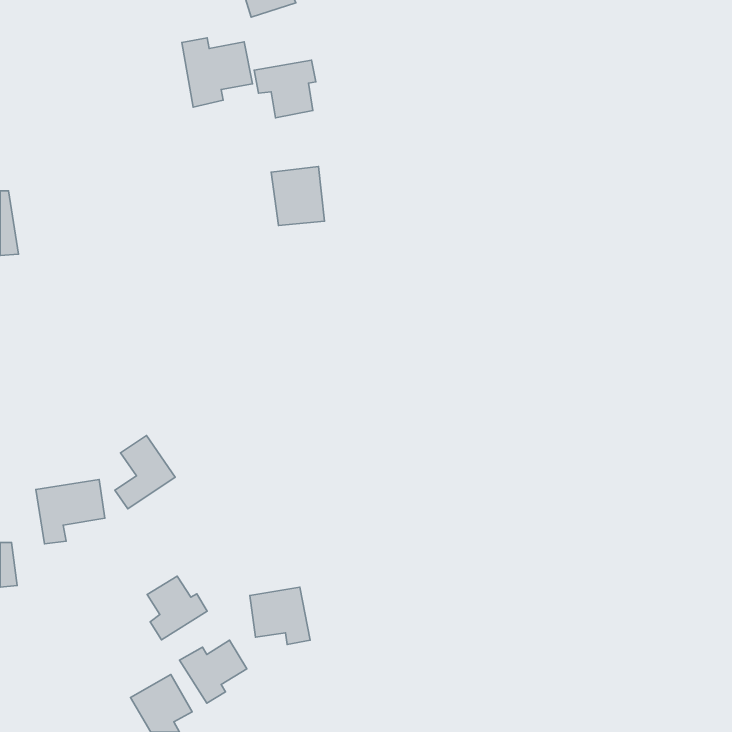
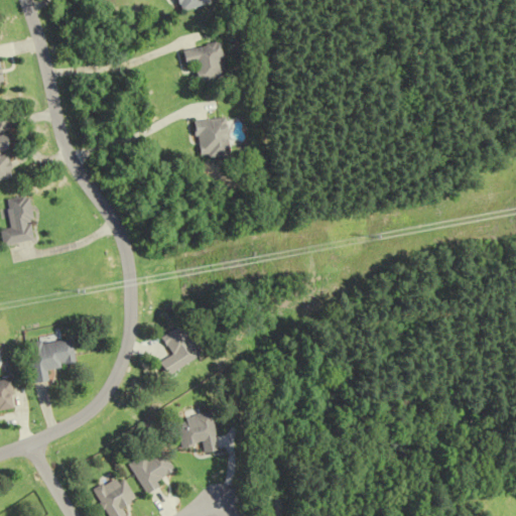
building: [182,38,253,107] -> none
building: none -> [5,195,39,245]
building: [115,436,175,509] -> [158,326,201,377]
building: [147,576,207,640] -> none

